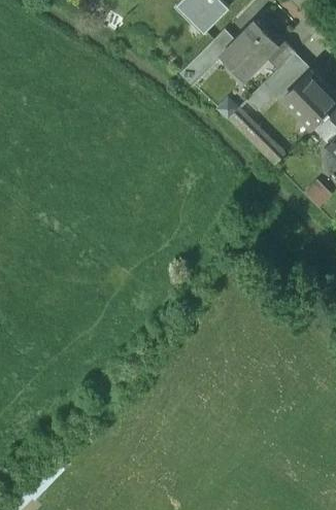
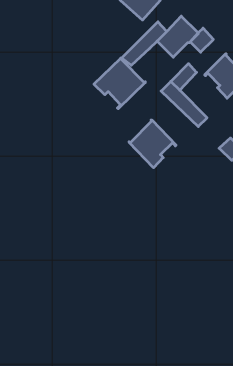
building: [264,54,313,103] -> none
building: none -> [94,58,145,109]
building: none -> [129,120,176,168]

